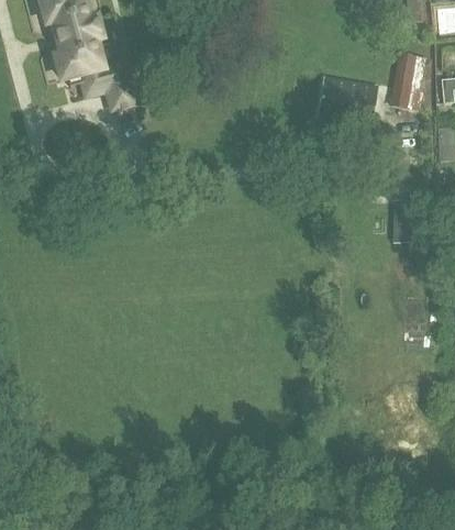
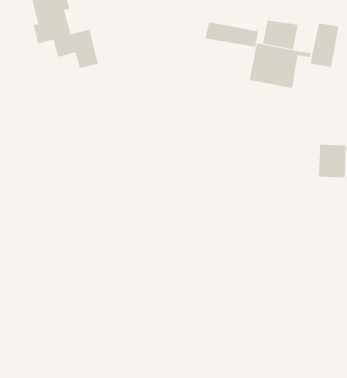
building: none -> [262,20,298,50]
building: none -> [205,21,259,47]

